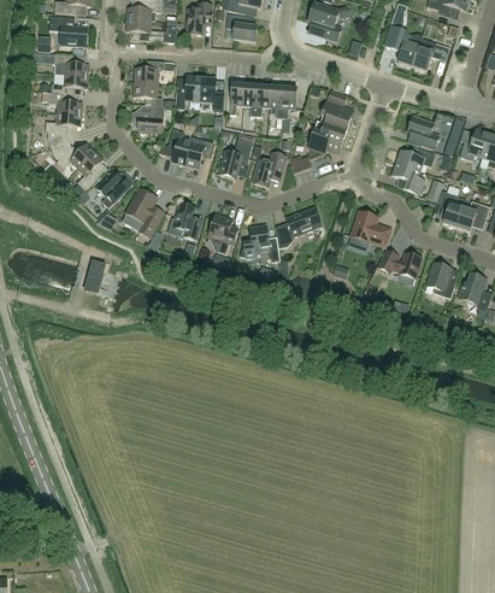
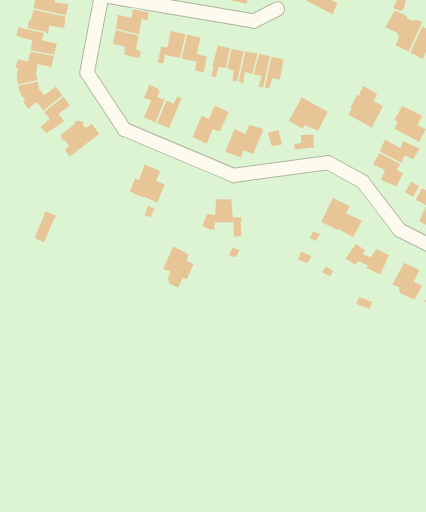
building: [320,92,354,131] -> [347,85,384,129]
building: [131,106,165,135] -> none
building: [123,188,164,237] -> none
building: [287,207,322,236] -> none
building: [208,213,238,253] -> [162,245,195,288]

